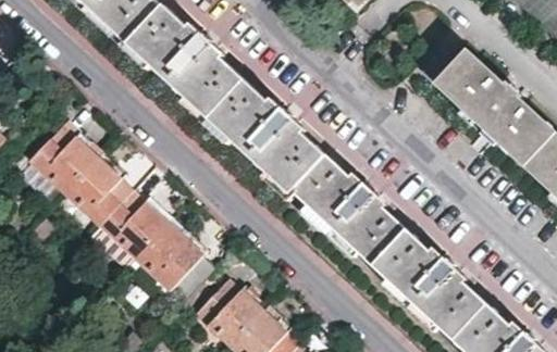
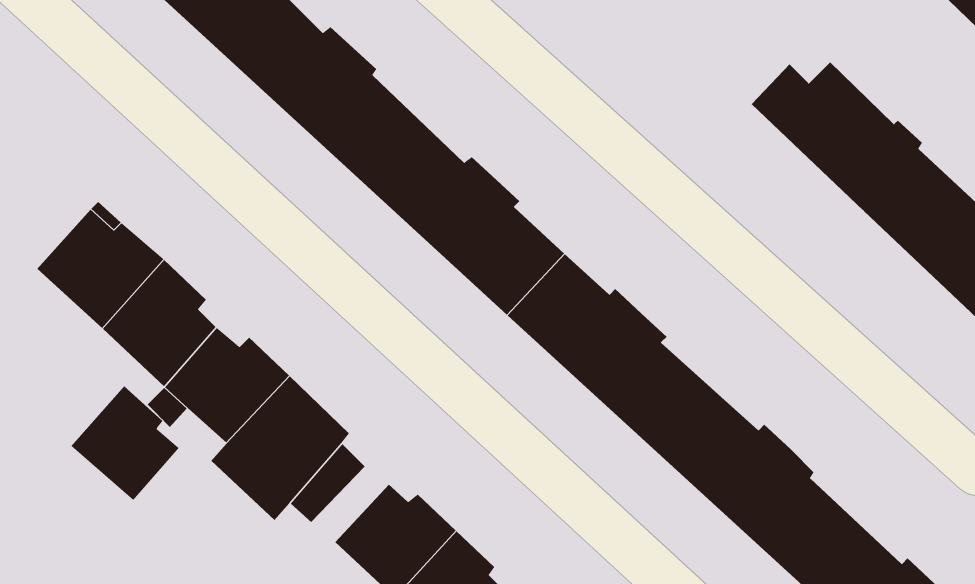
building: none -> [70,386,179,501]

